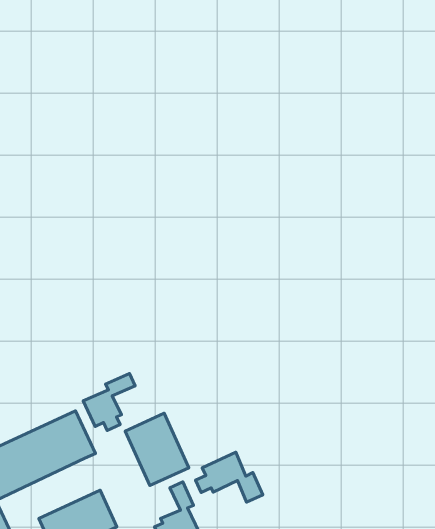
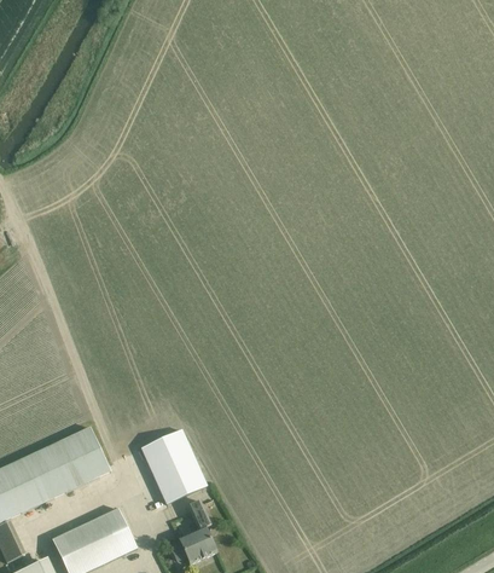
building: [83,373,135,430] -> none
building: [196,452,263,502] -> none

